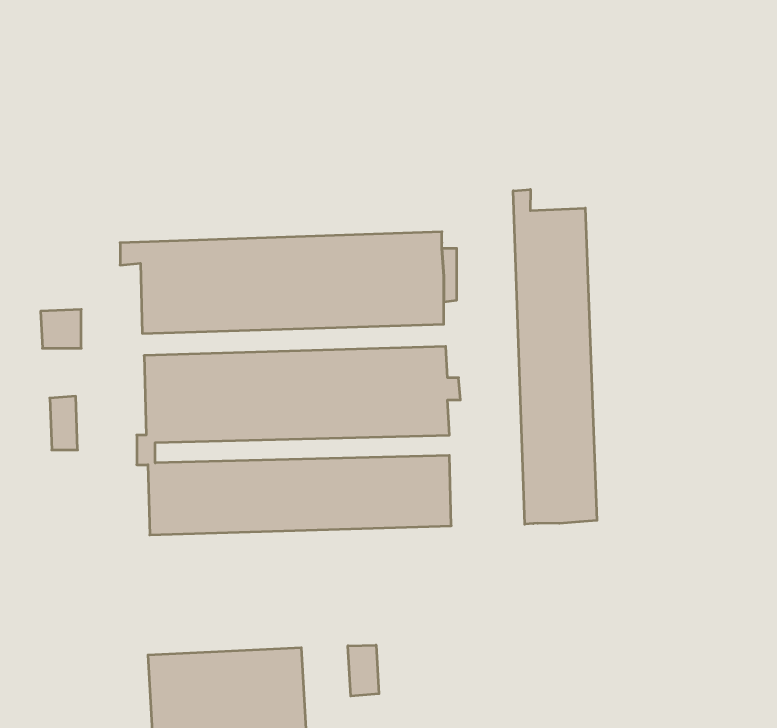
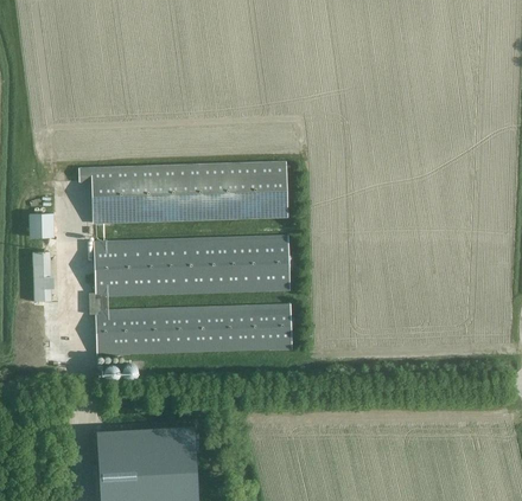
building: [513,189,597,524] -> none
building: [348,645,379,696] -> none

